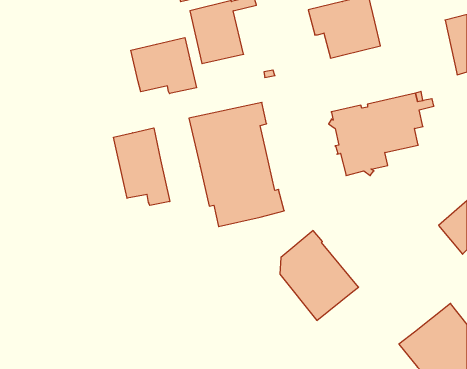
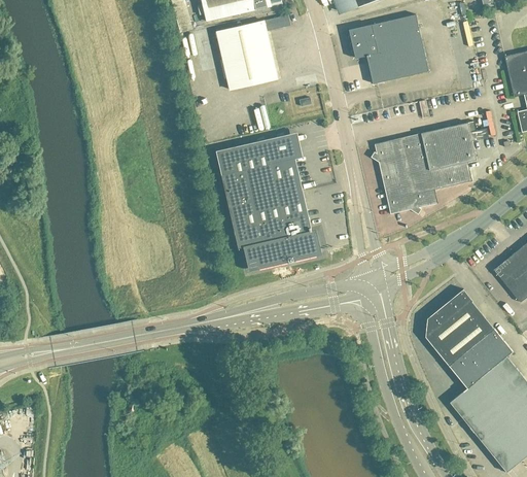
building: [131,38,196,94] -> none
building: [114,128,170,205] -> none
building: [280,231,359,320] -> [426,288,514,388]

